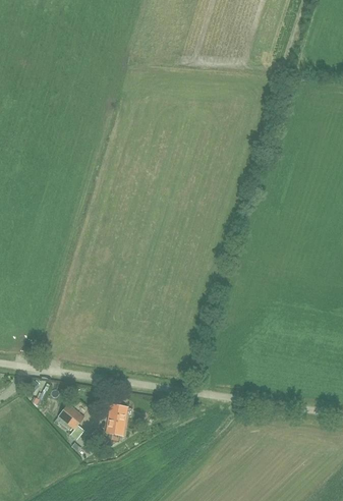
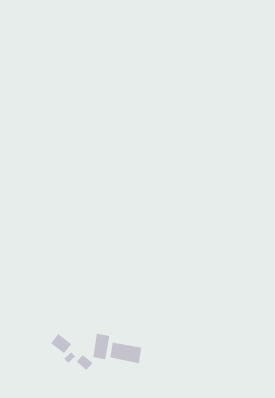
building: none -> [110,342,142,364]

